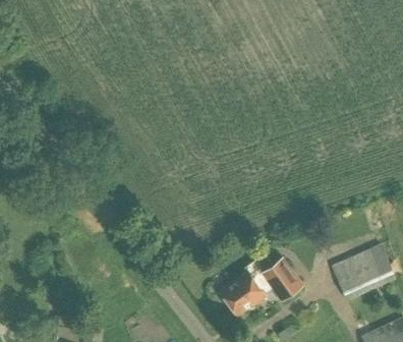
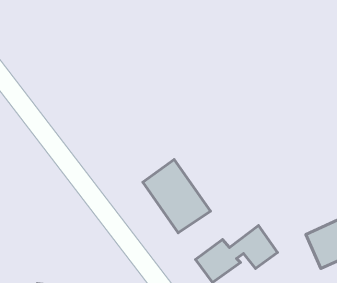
building: none -> [143,160,211,233]

